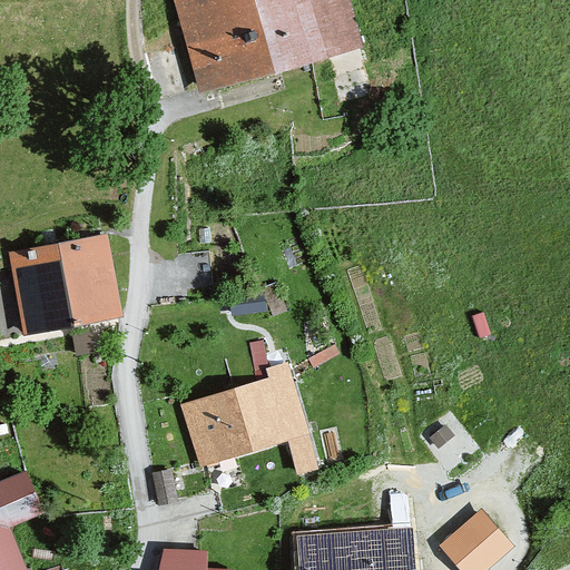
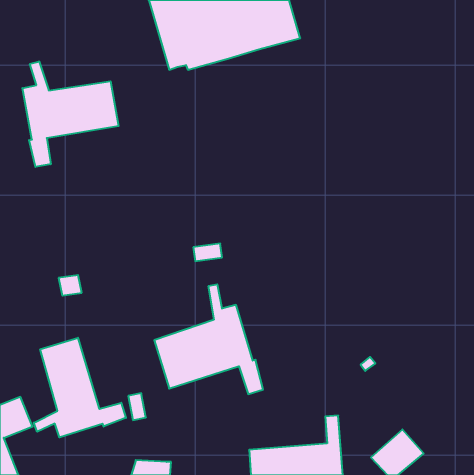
building: none -> [22,61,119,167]
building: [14,237,117,331] -> none
building: none -> [34,338,126,437]

